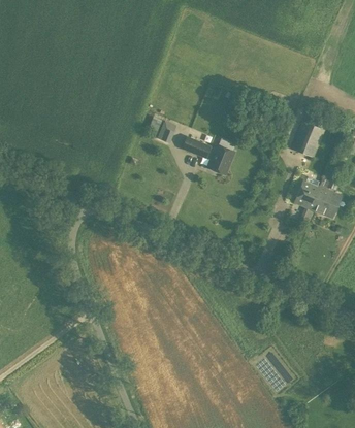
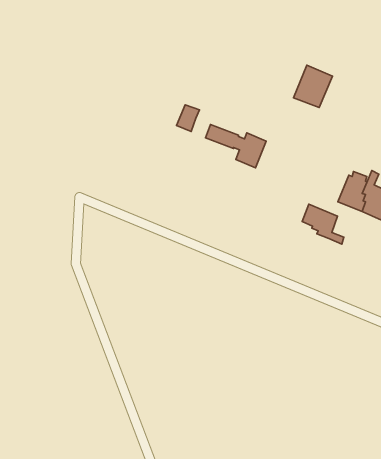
building: [292,121,325,157] -> [294,65,332,108]
building: none -> [302,204,344,244]

